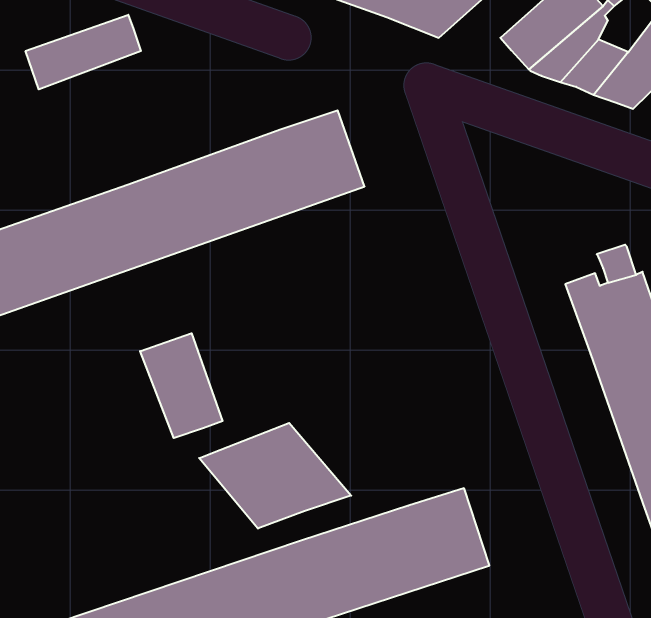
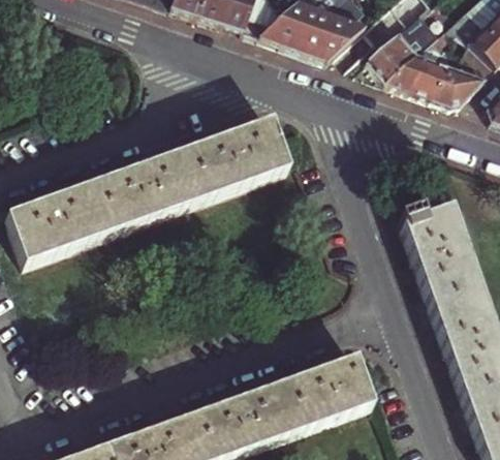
building: [26,15,141,89] -> none
building: [140,333,223,438] -> none
building: [199,423,351,529] -> none

